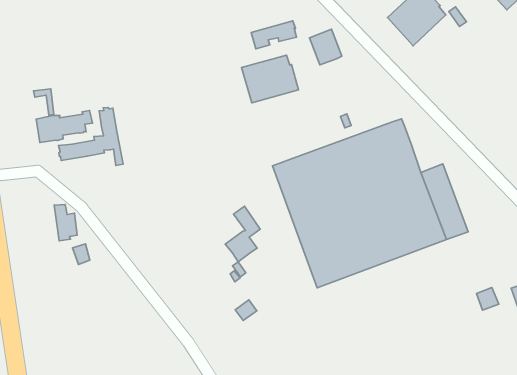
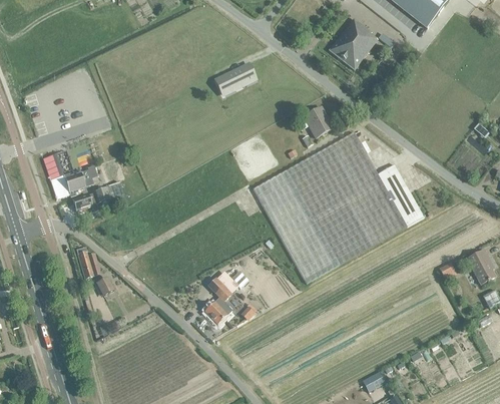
building: [310,29,342,65] -> [303,106,332,137]
building: [242,55,299,103] -> none
building: [225,206,260,262] -> [203,277,230,324]

